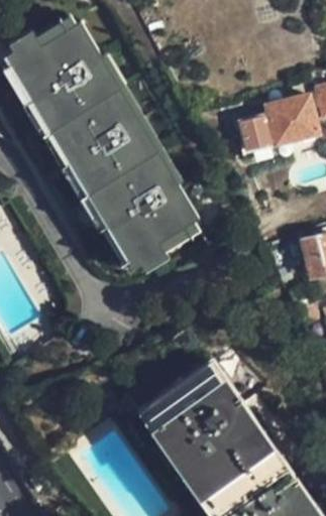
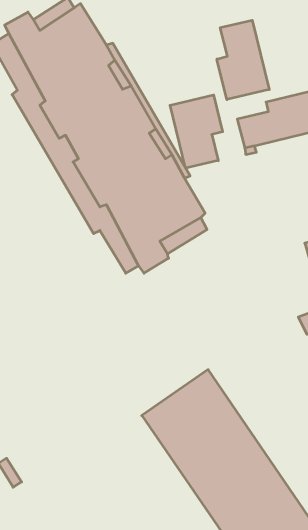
building: none -> [217,20,269,100]
building: none -> [170,95,223,168]

